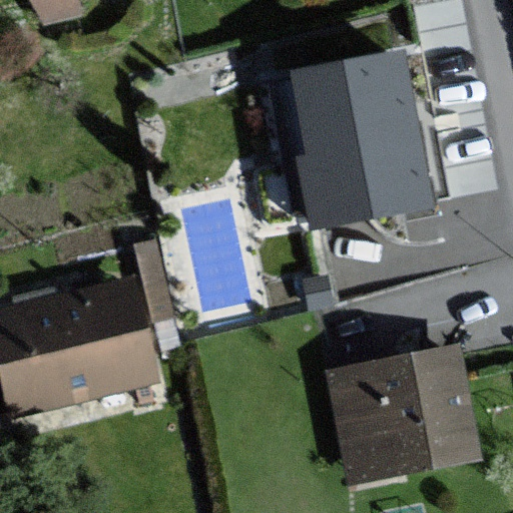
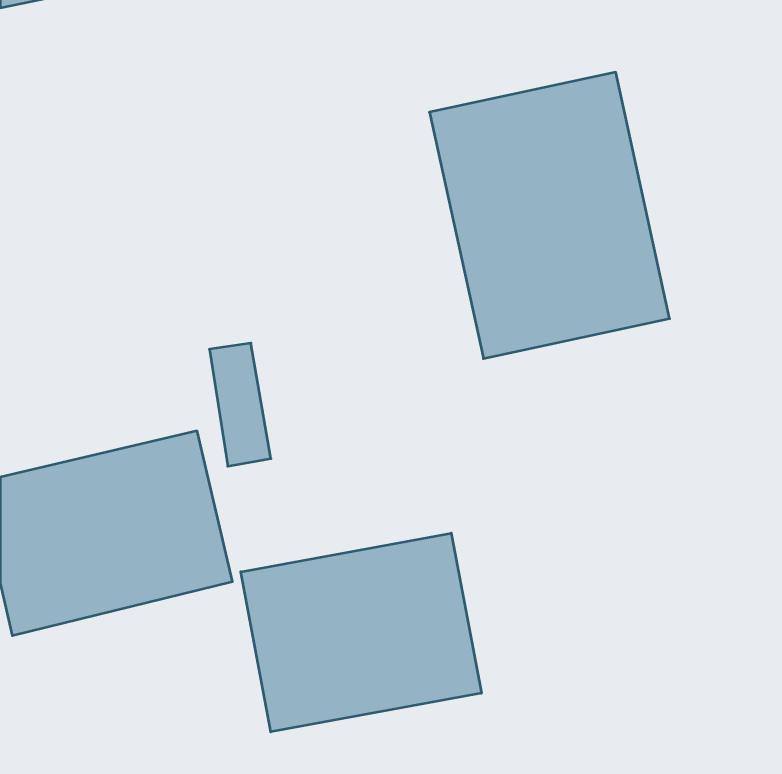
building: [323,344,480,481] -> none
building: none -> [241,533,481,732]

